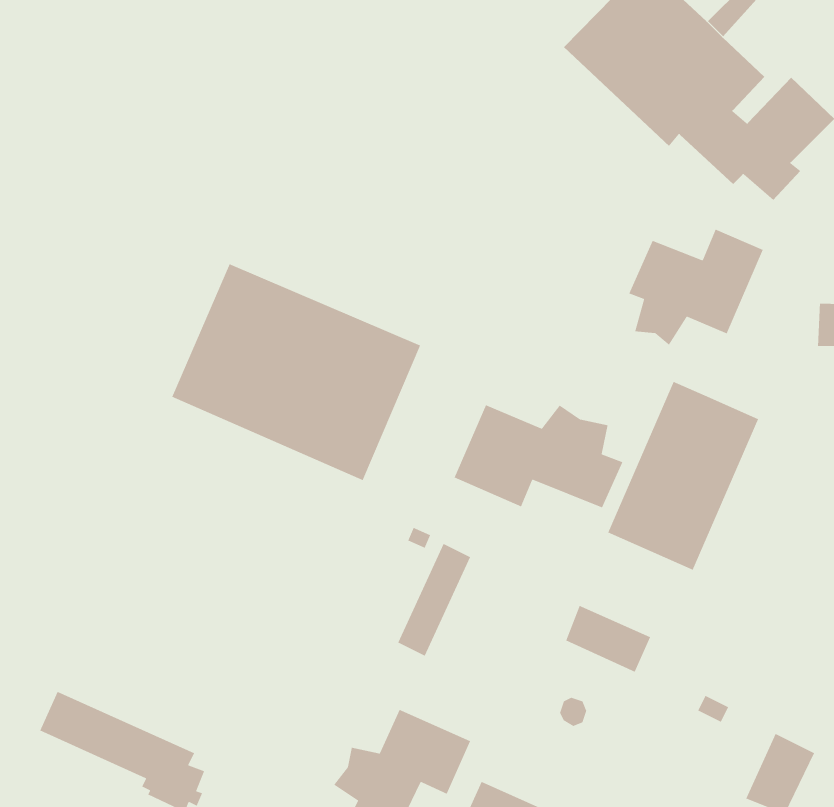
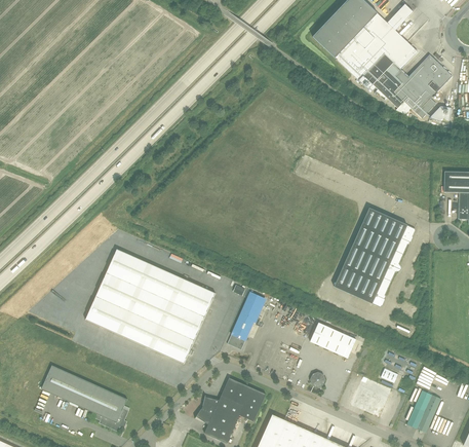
building: [628,228,764,346] -> none
building: [171,263,421,481] -> [86,251,214,363]
building: [454,404,623,509] -> none

